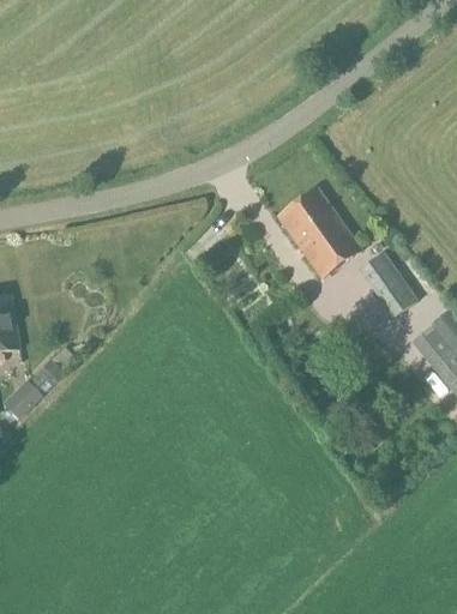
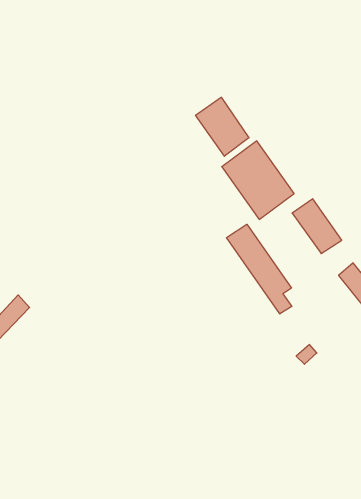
building: none -> [196,97,249,156]
building: none -> [227,224,292,314]

